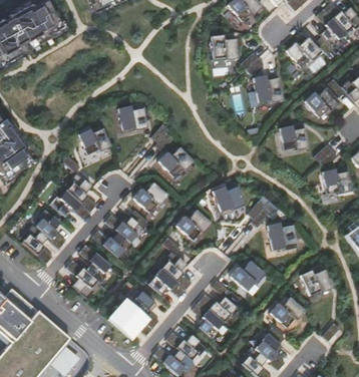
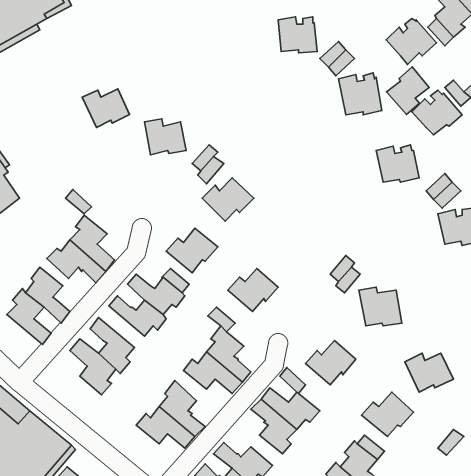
building: none -> [387,67,429,115]
building: [78,128,111,155] -> [82,89,129,128]
building: [213,186,245,213] -> none

